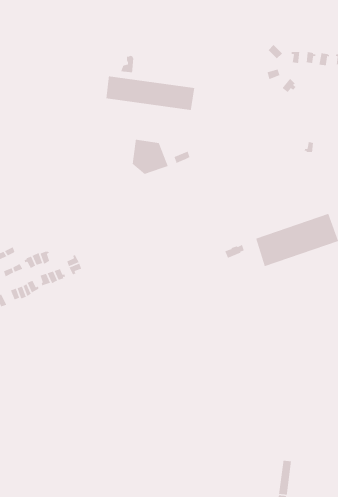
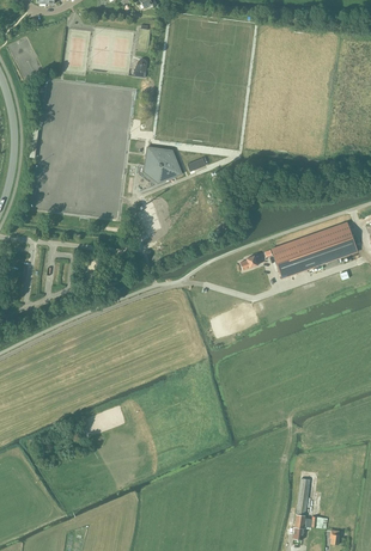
building: [106,76,195,111] -> none

